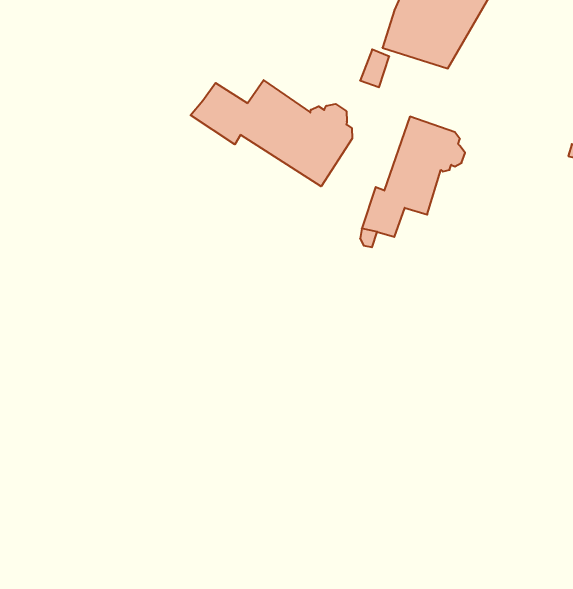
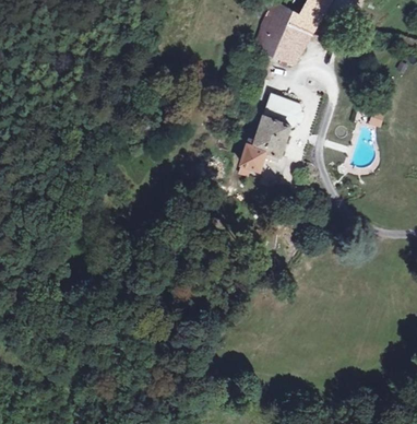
building: [191,80,352,186] -> none

